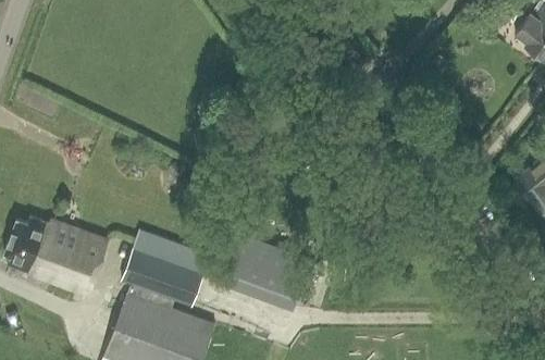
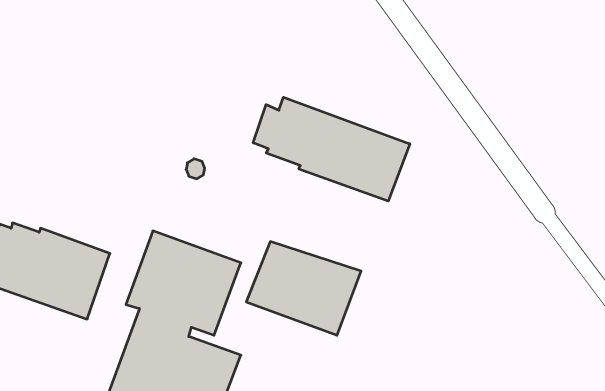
building: none -> [253,97,410,201]

